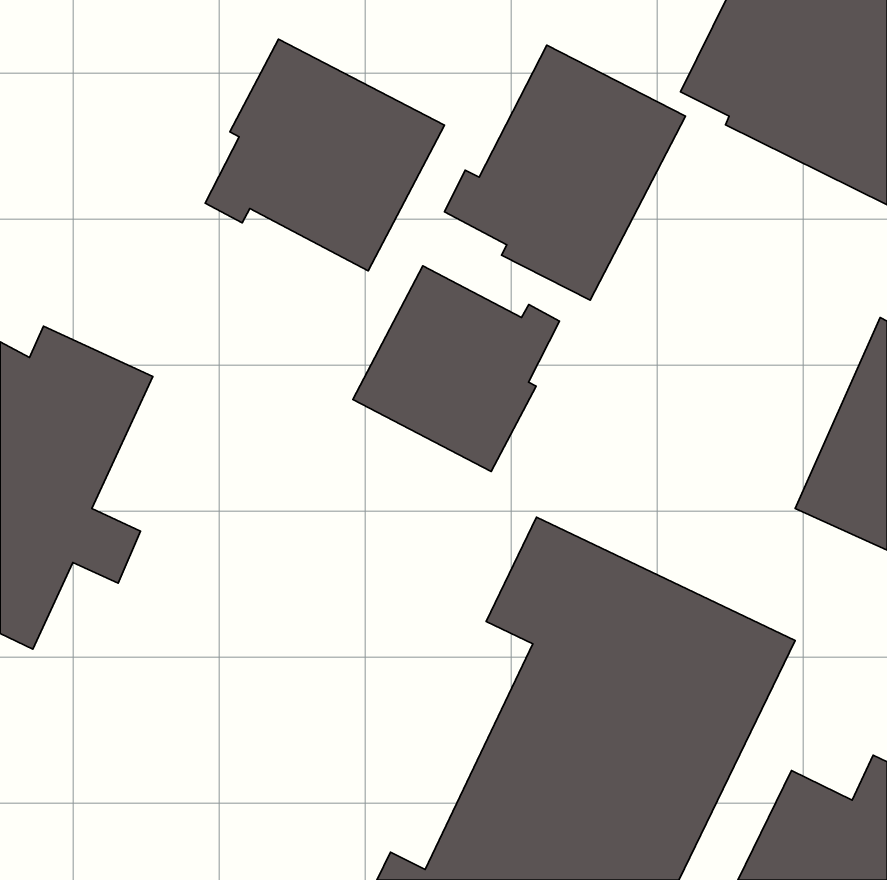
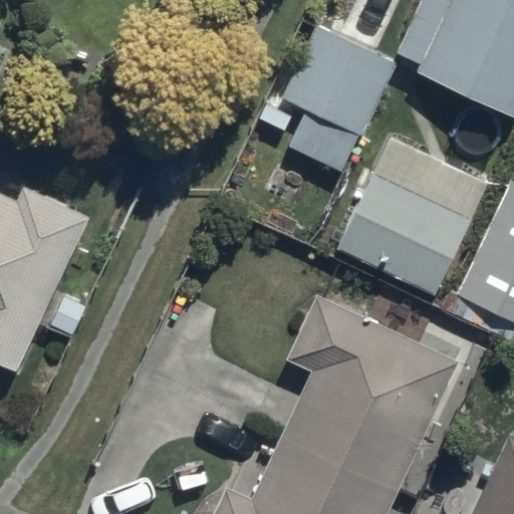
building: [205,39,444,271] -> none
building: none -> [336,139,486,296]
building: [353,266,560,471] -> none

